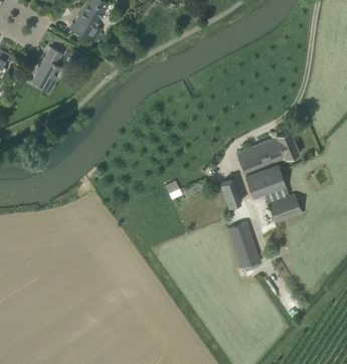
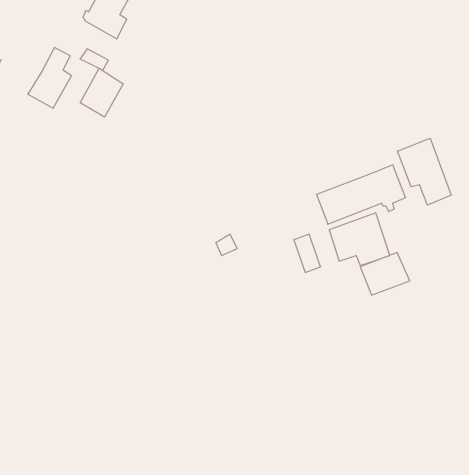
building: none -> [80,68,123,117]
building: none -> [397,138,451,205]
building: [227,222,261,268] -> none

